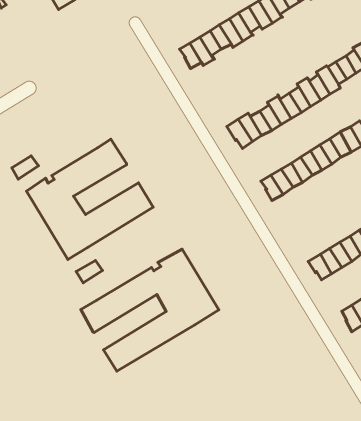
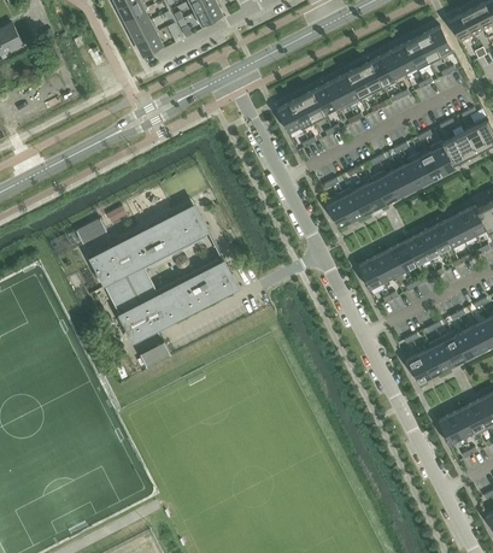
building: [81,249,219,371] -> none

